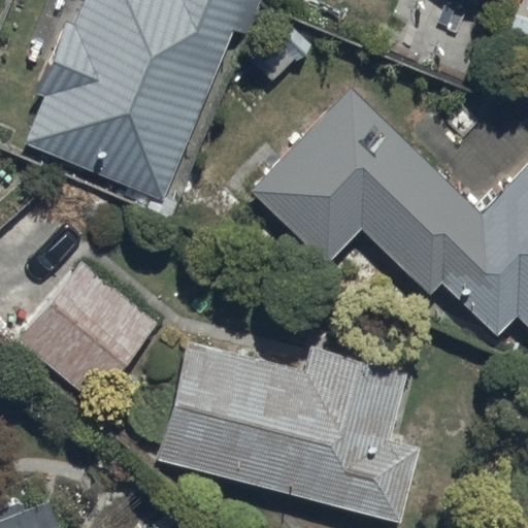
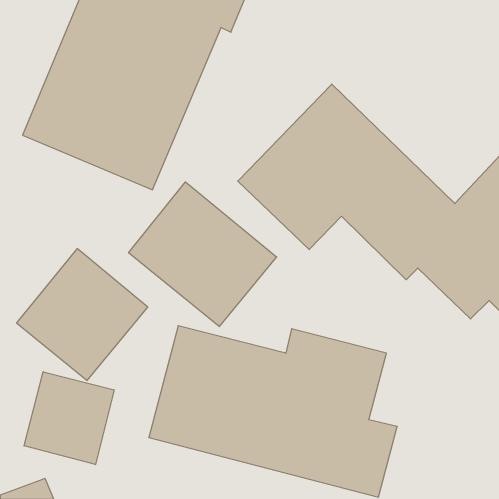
building: none -> [129,182,277,327]
building: none -> [24,372,114,465]

